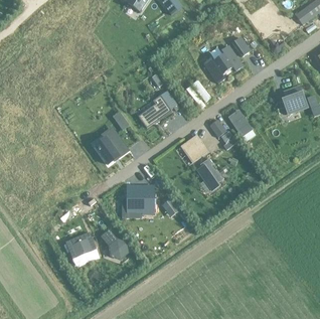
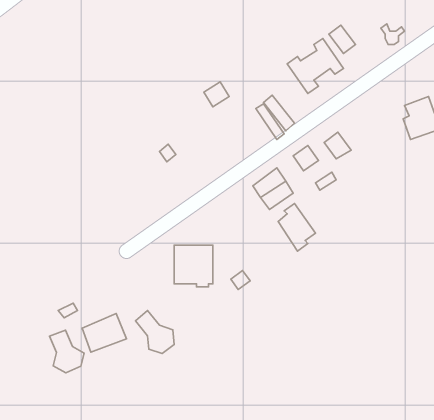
building: [138,95,171,127] -> none
building: [94,137,127,163] -> none
building: none -> [49,330,84,373]

